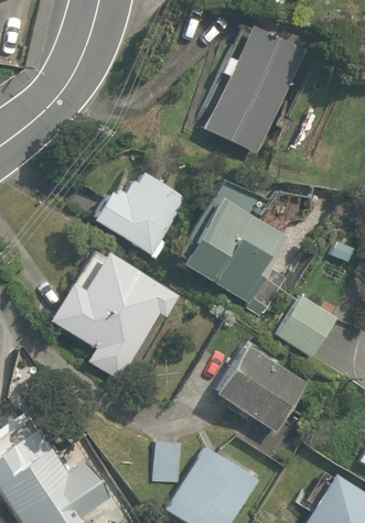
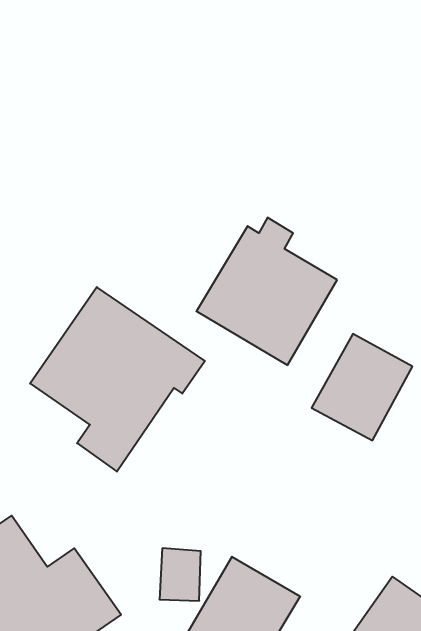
building: [208,29,307,156] -> none
building: [90,156,190,259] -> none
building: [210,340,313,438] -> none

